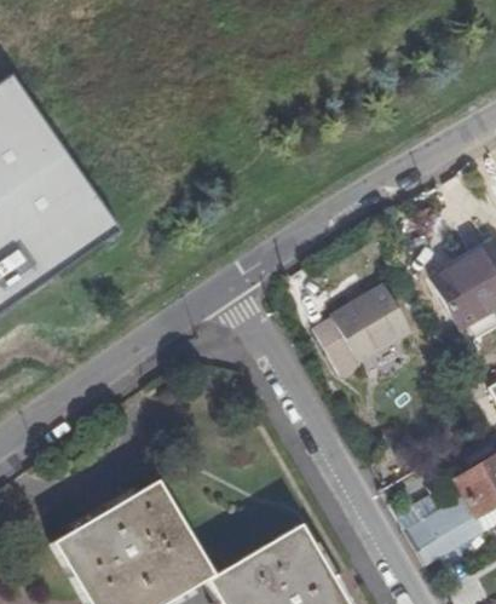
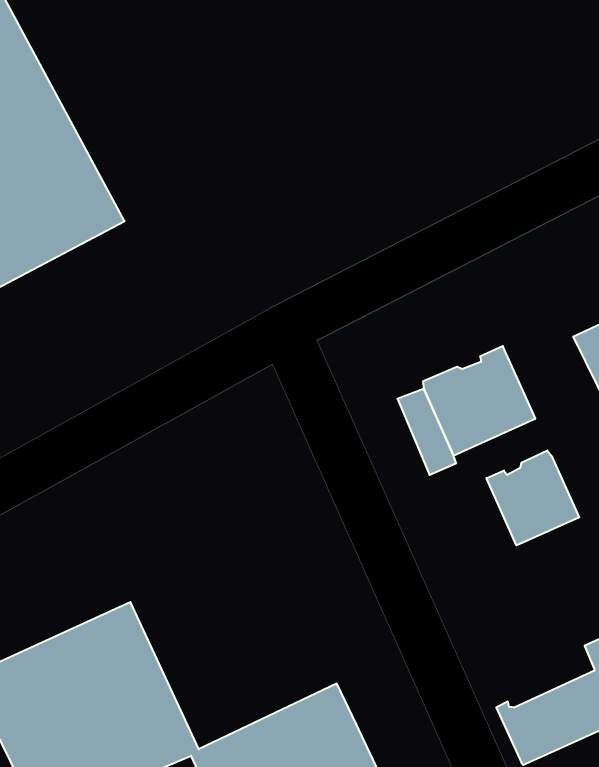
building: none -> [486,450,579,545]

